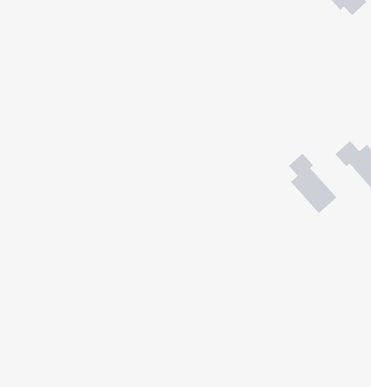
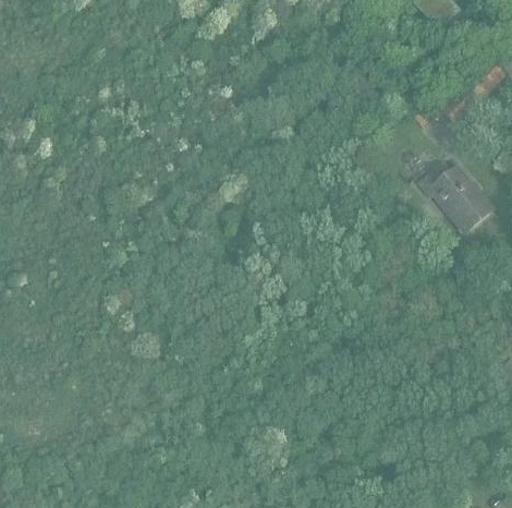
building: [288,153,337,214] -> none

